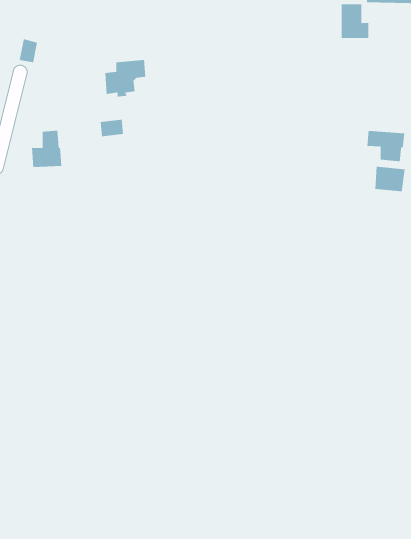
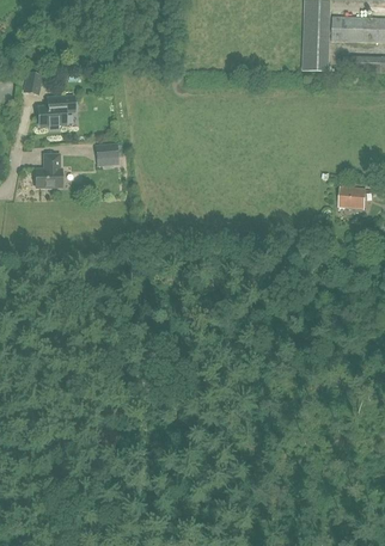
building: [105,59,146,97] -> [38,94,75,128]
building: [367,130,405,162] -> none

